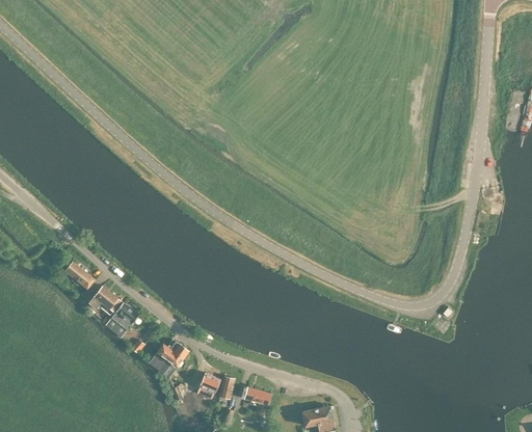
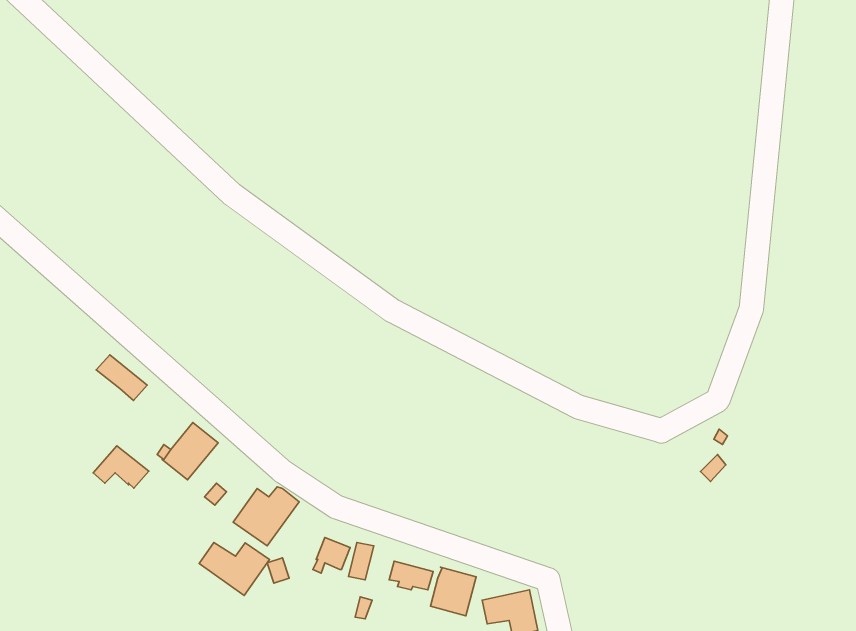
building: [88,286,123,312] -> [93,446,149,488]
building: none -> [199,543,269,596]
building: none -> [430,567,476,616]

